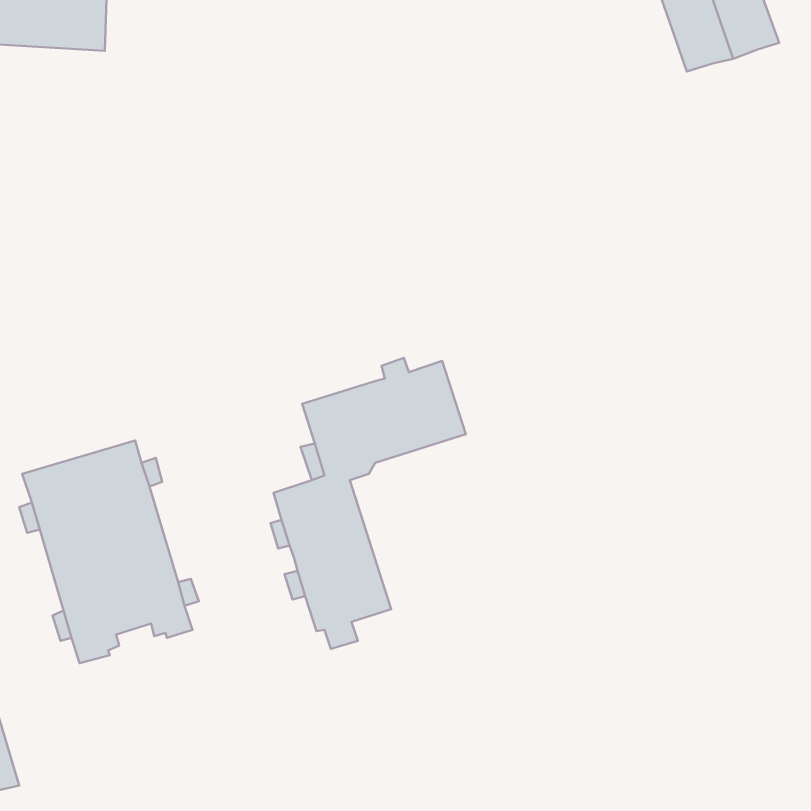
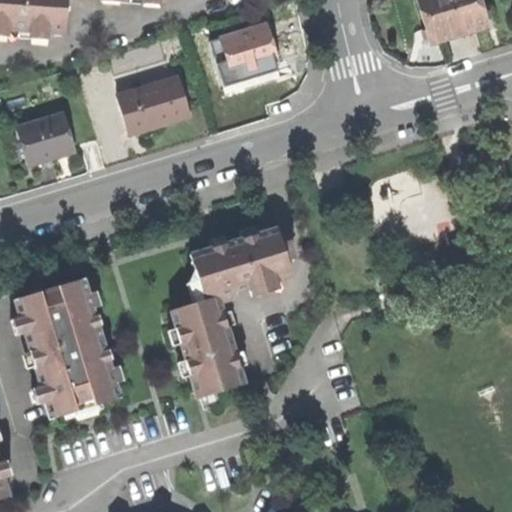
building: none -> [220,27,279,78]
building: none -> [116,78,190,136]
building: none -> [22,114,76,164]

